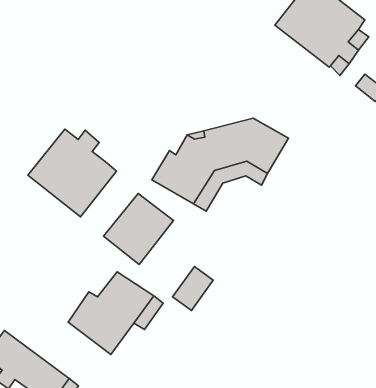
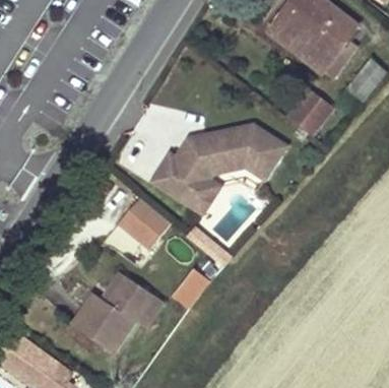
building: none -> [288,89,334,136]
building: [28,129,116,217] -> none

